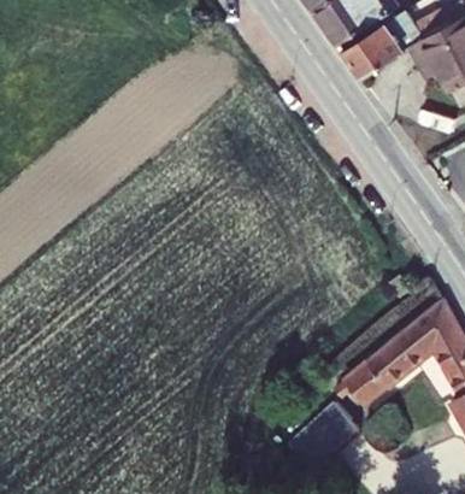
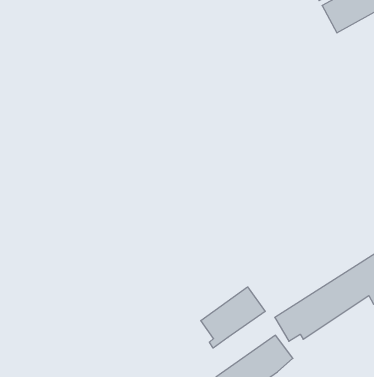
building: none -> [201,287,265,348]

